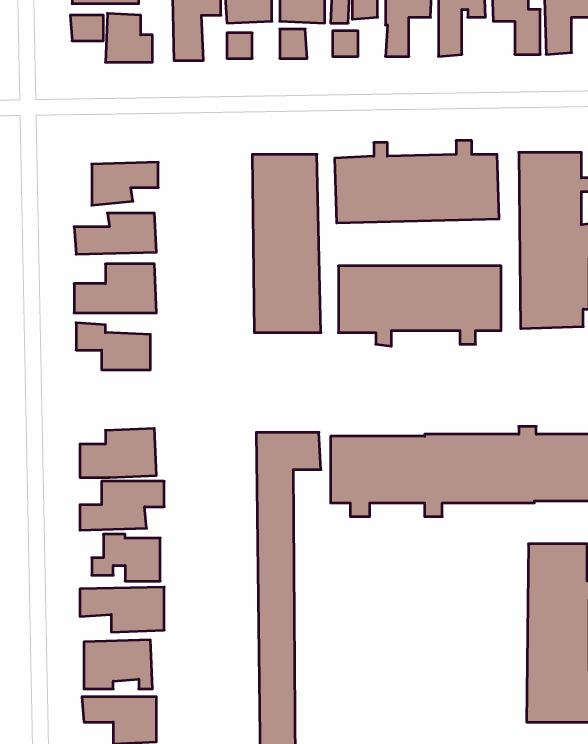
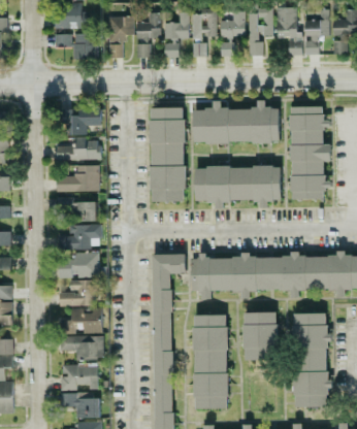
building: none -> [63,224,100,249]
building: none -> [242,311,277,359]
building: none -> [193,315,227,408]

